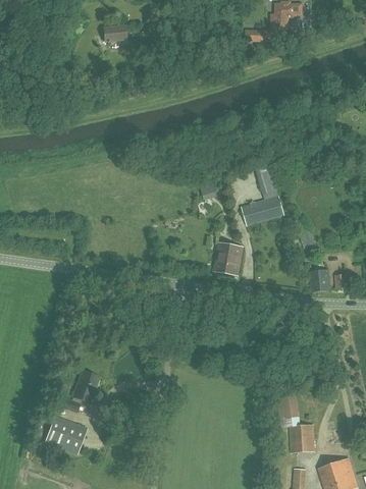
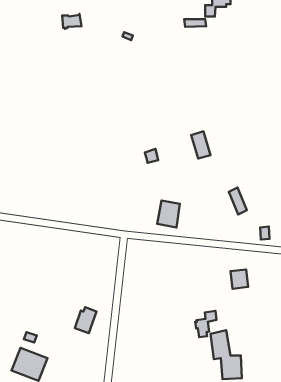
building: [241,196,283,225] -> none
building: [309,268,329,290] -> [231,270,248,289]
building: [72,371,98,401] -> [75,307,97,333]
building: none -> [195,311,217,337]

